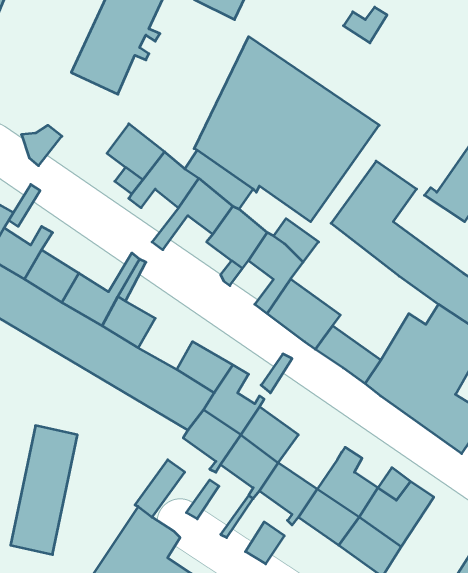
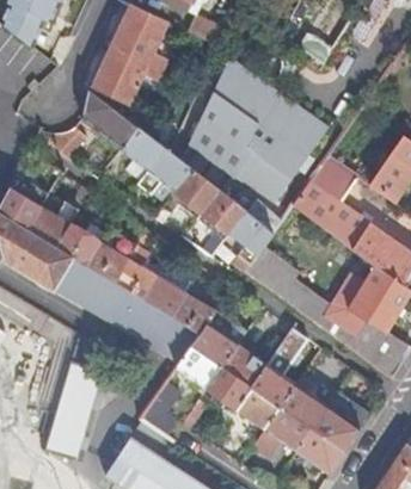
building: none -> [84,89,136,149]
building: none -> [143,264,192,315]
building: none -> [251,328,308,407]

